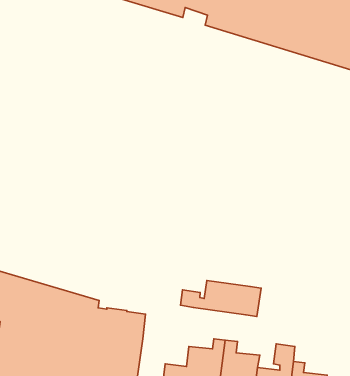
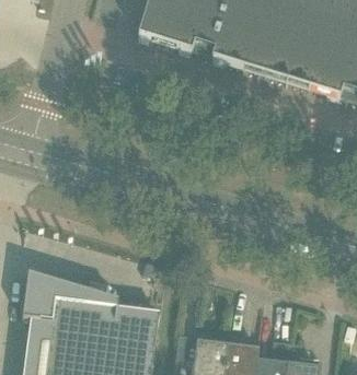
building: [180,280,261,316] -> none

